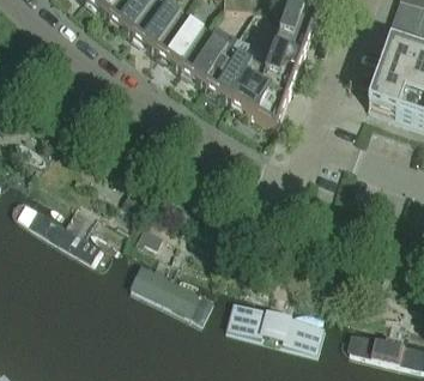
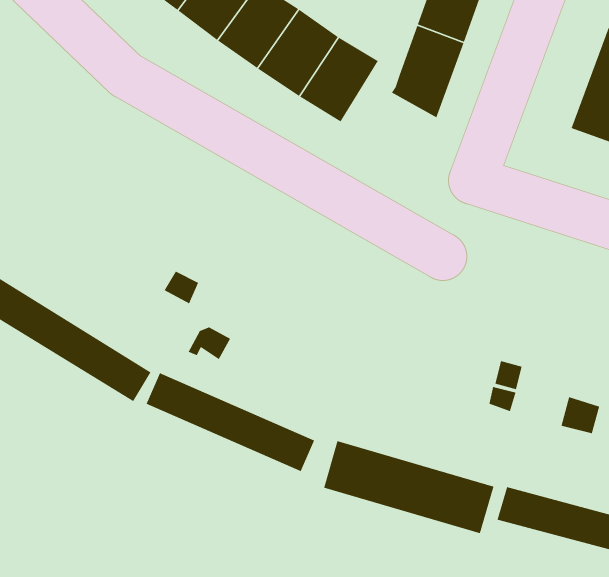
building: [229,67,286,132] -> none

